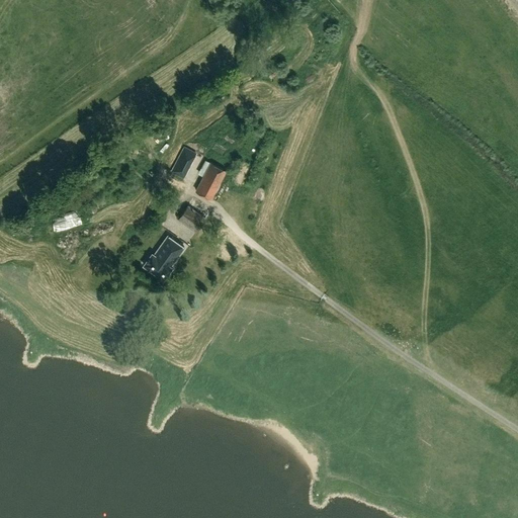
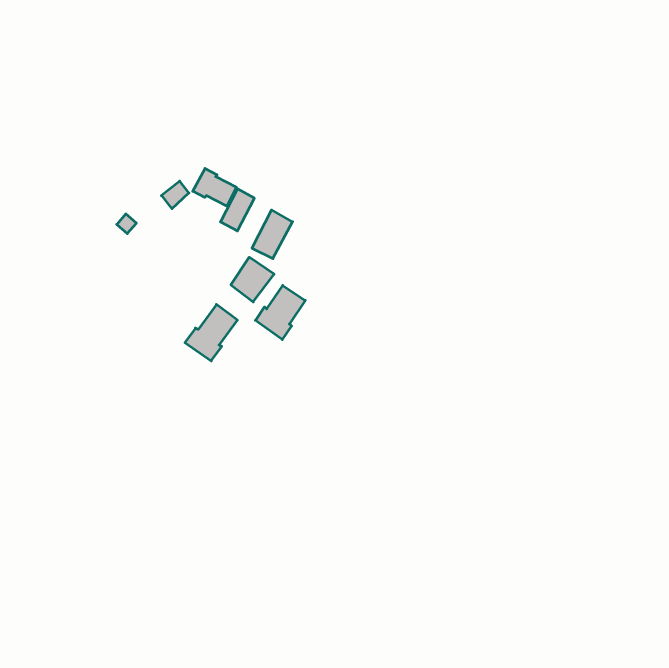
building: none -> [193,168,236,206]
building: none -> [255,285,305,340]

